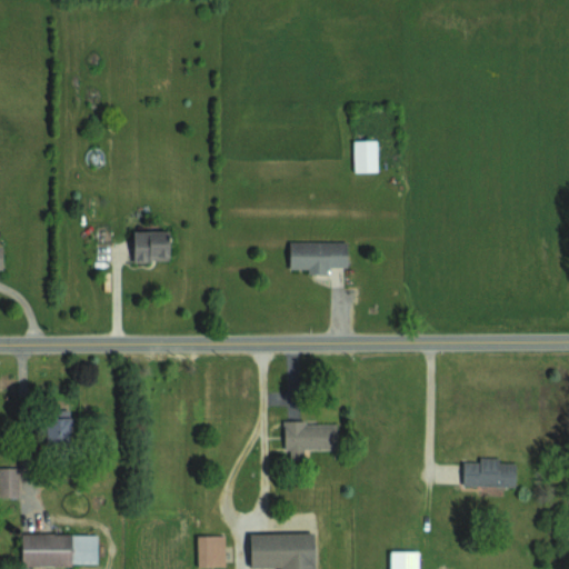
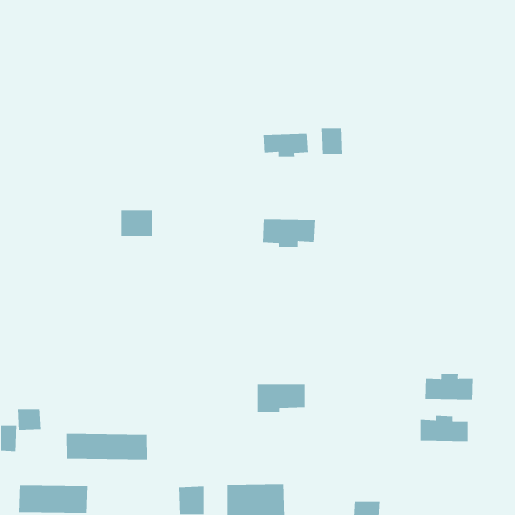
building: none -> [263,133,309,157]
building: none -> [424,373,474,401]
building: [47,419,73,443] -> [17,408,41,431]
building: none -> [66,433,148,460]

